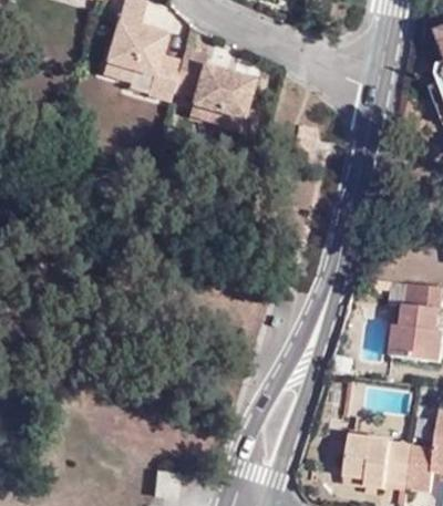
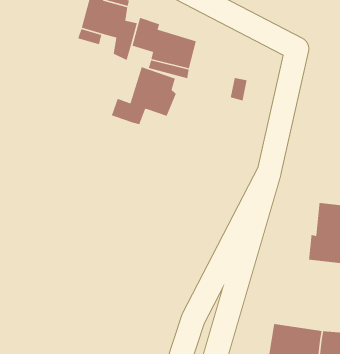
building: none -> [111,66,177,125]

